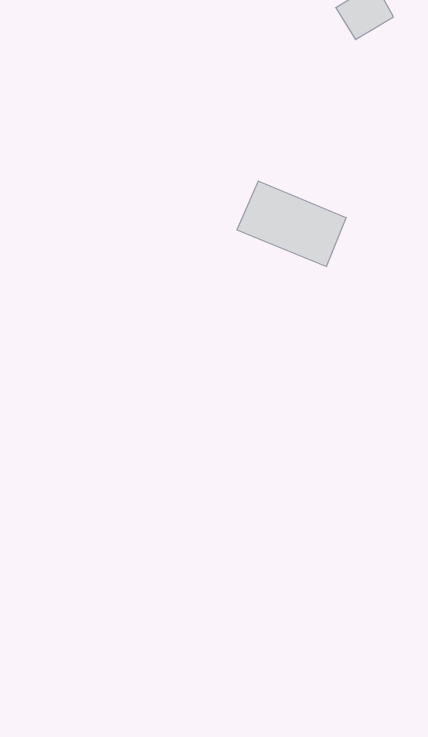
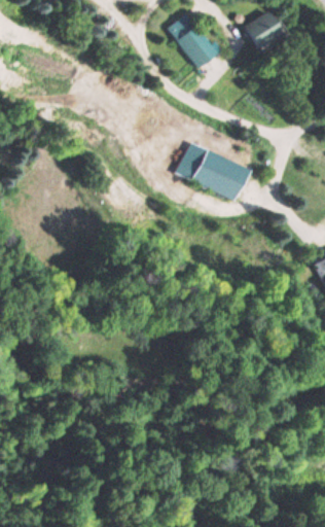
building: none -> [176,25,215,65]

